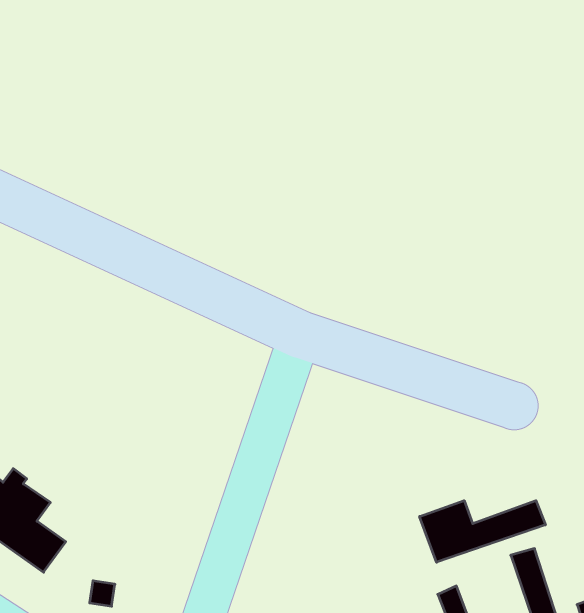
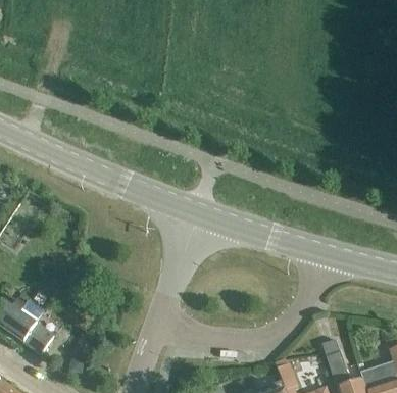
building: [420,501,545,562] -> none

